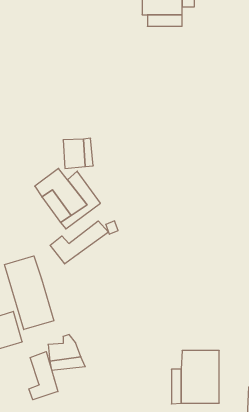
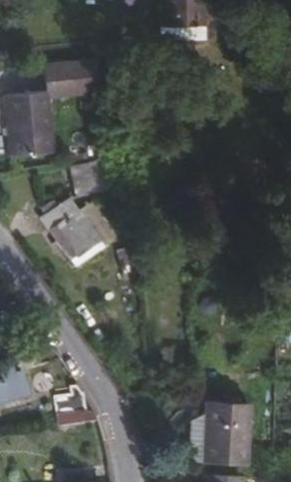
building: none -> [7,60,103,156]
building: [50,221,109,264] -> none
building: [5,256,54,330] -> none
building: [29,352,58,400] -> none

